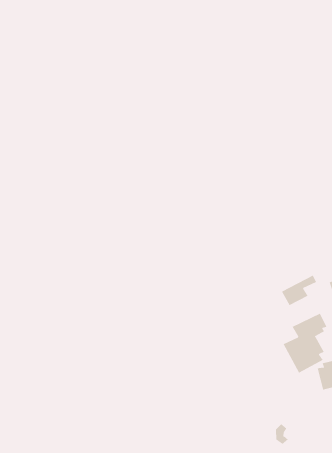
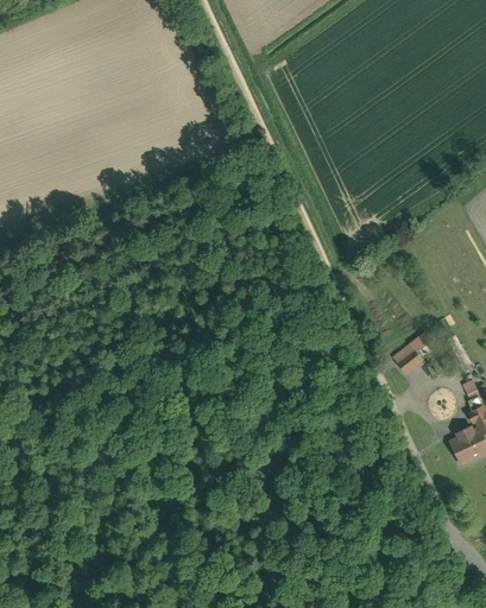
building: [283,313,327,373] -> none

